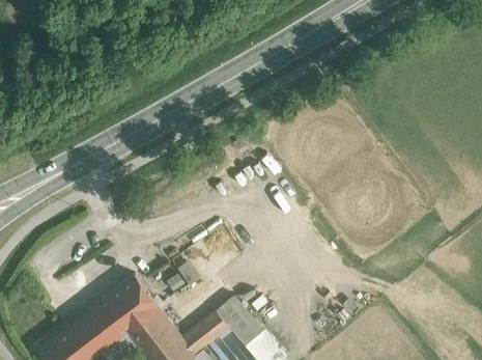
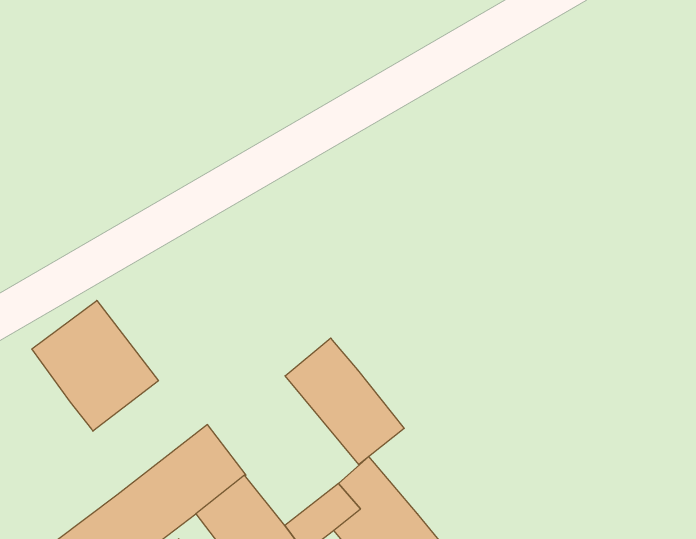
building: none -> [32,300,158,431]
building: none -> [285,338,404,465]

